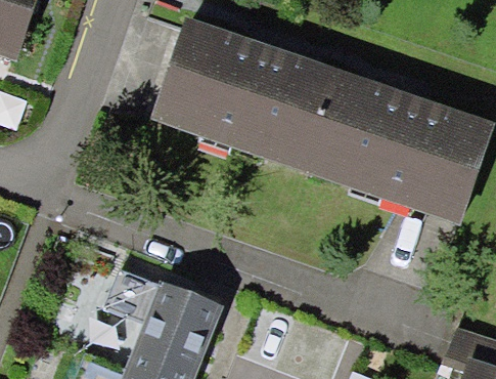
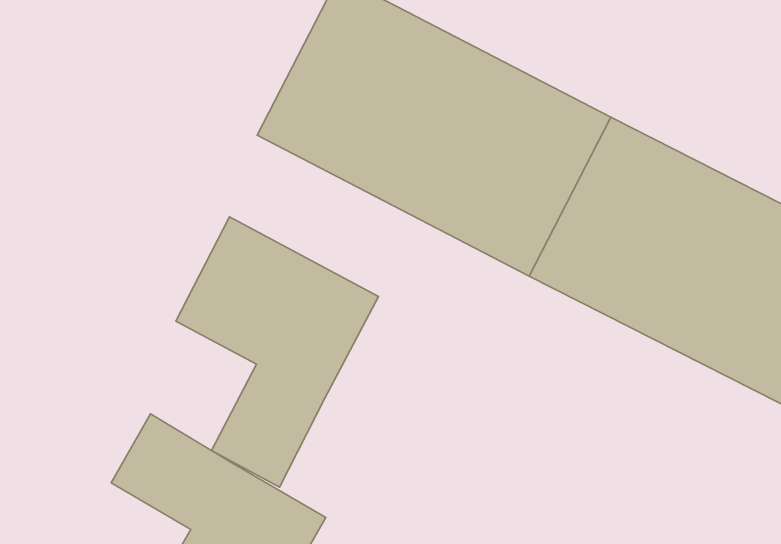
building: none -> [176,217,378,487]

